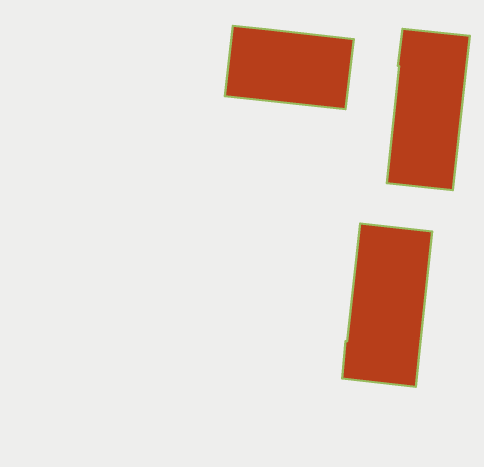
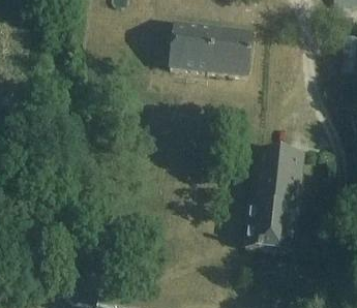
building: [387,29,470,190] -> none

